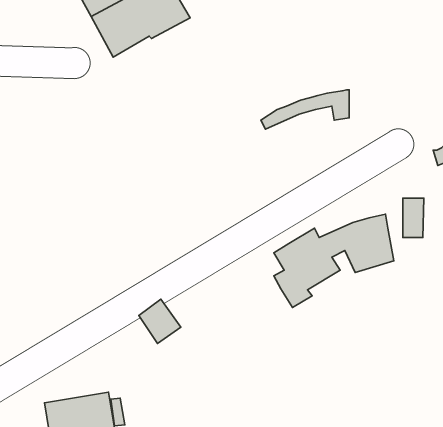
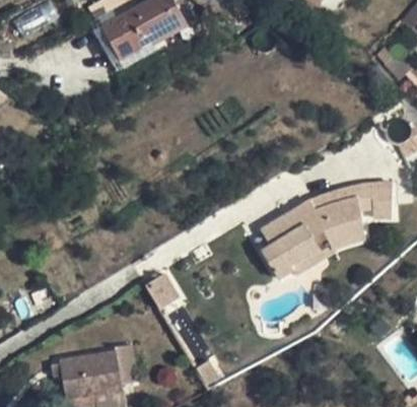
building: [261,90,349,129] -> [295,183,372,217]

